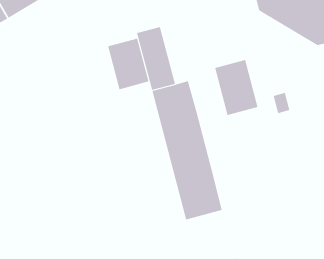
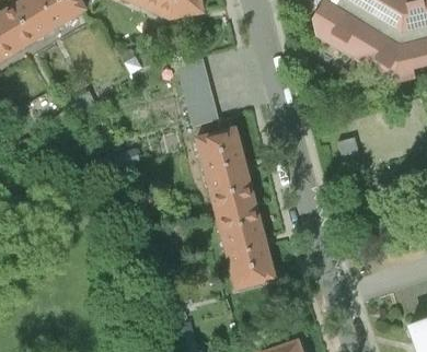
building: [107,38,149,90] -> none
building: [214,59,258,116] -> none

